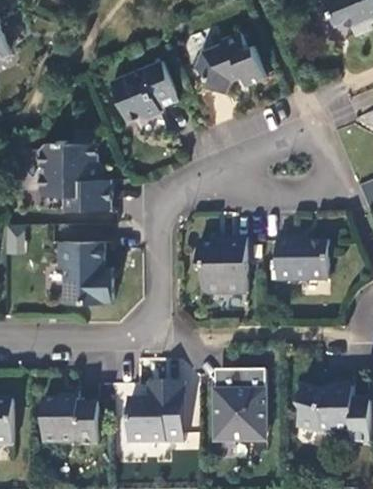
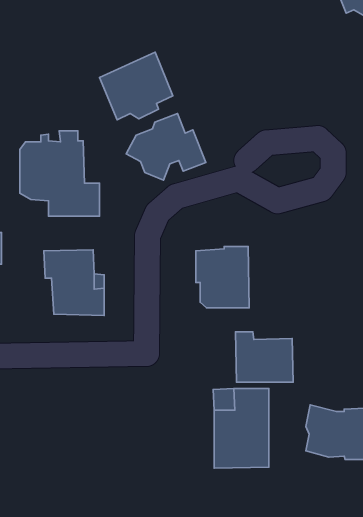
building: [193,31,266,92] -> [126,113,206,180]
building: [278,235,331,281] -> [235,332,293,382]
building: [125,380,181,443] -> none
building: [43,399,98,446] -> none

